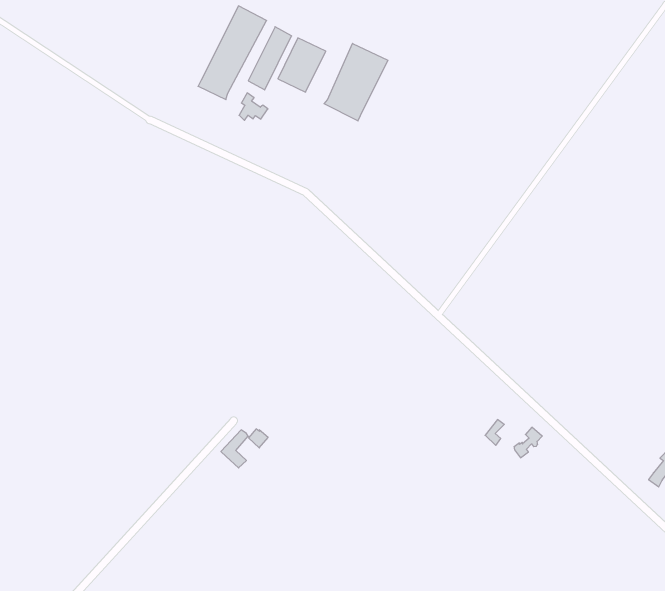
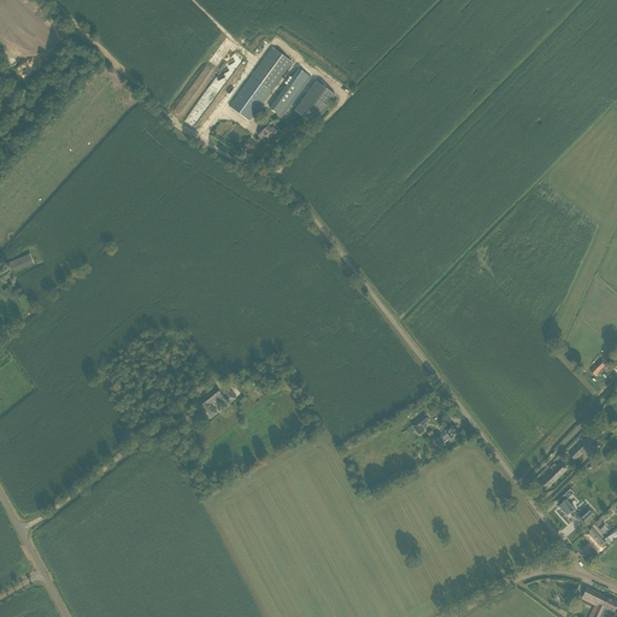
building: [324,43,388,121] -> none

